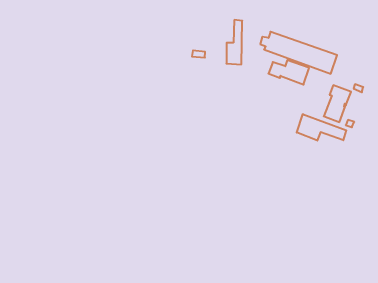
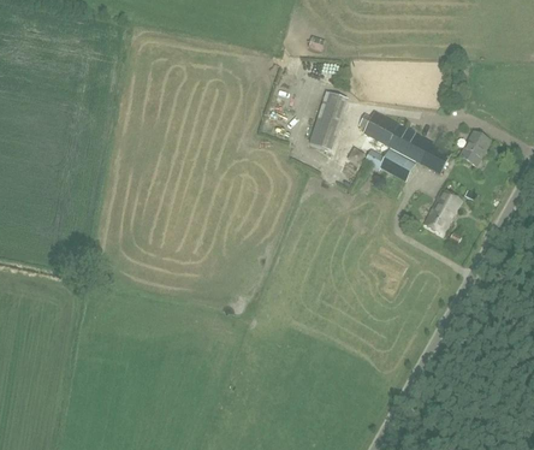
building: none -> [458,131,489,166]
building: [297,114,346,141] -> none

